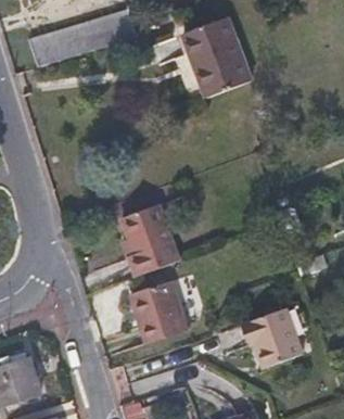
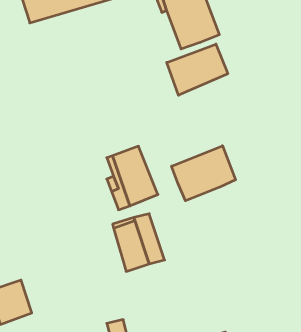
building: none -> [167,44,228,95]
building: none -> [172,146,236,201]
building: [241,310,302,370] -> none

